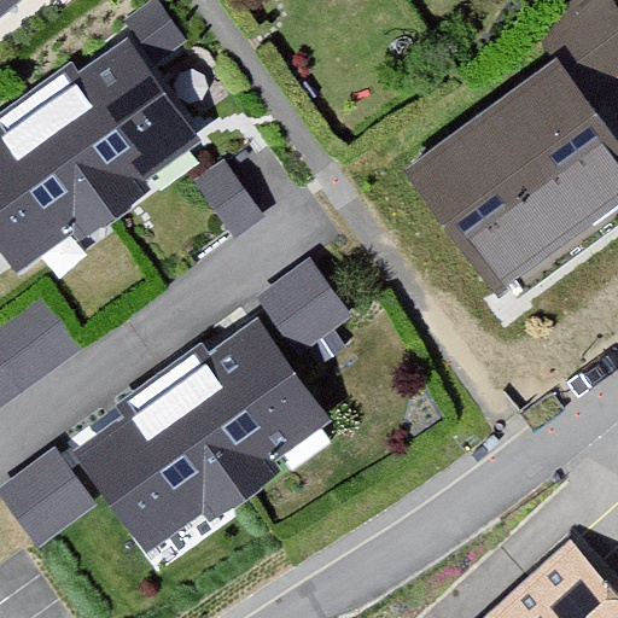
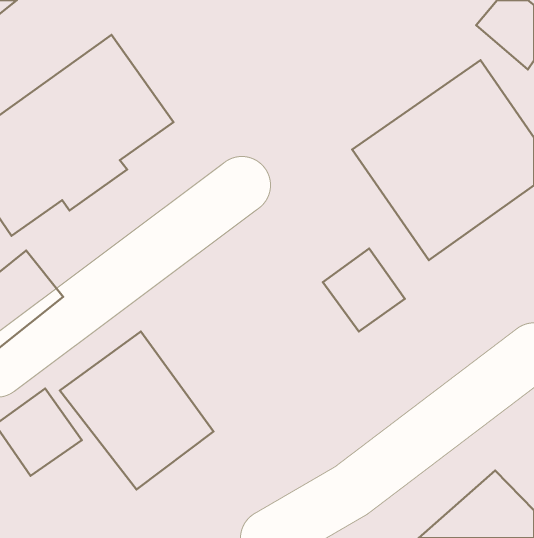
building: [253,255,348,350] -> [323,248,405,332]
building: [162,314,332,495] -> none

